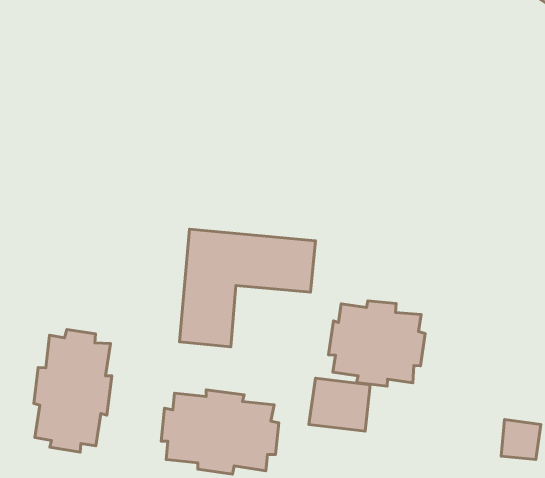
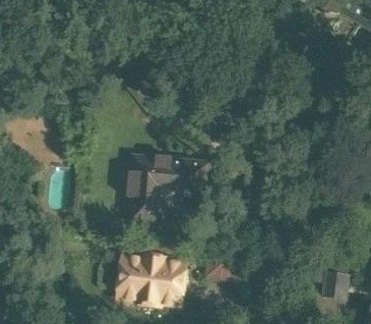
building: [329,301,425,386] -> none
building: [34,329,112,452] -> none

